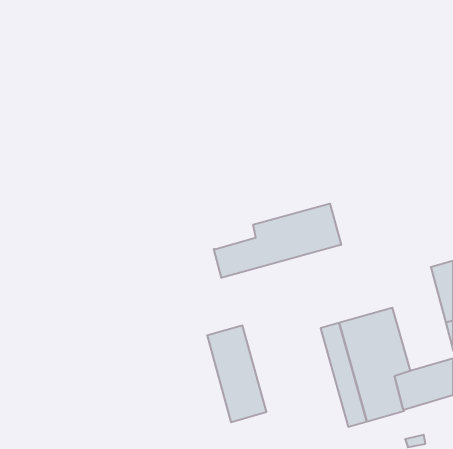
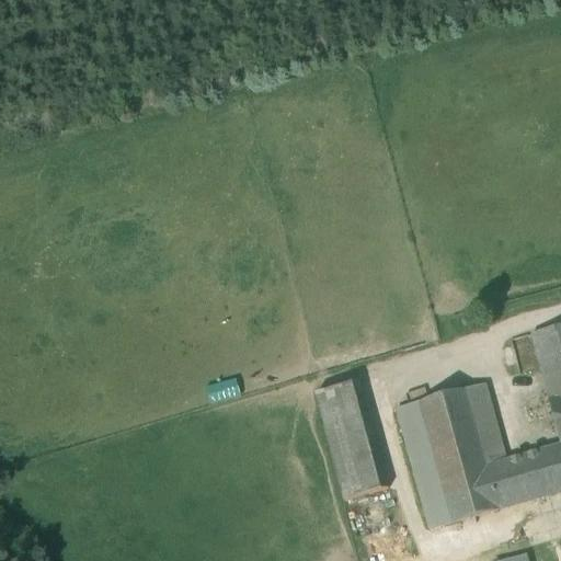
building: [214,204,341,278] -> none
building: [207,326,267,422] -> [314,379,388,499]

